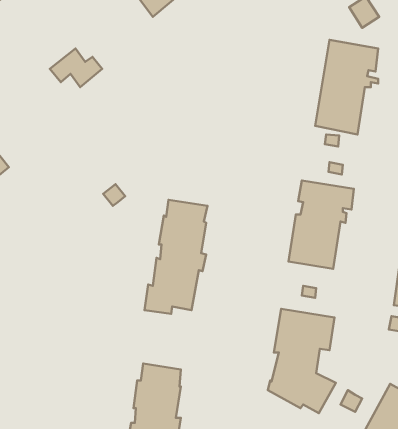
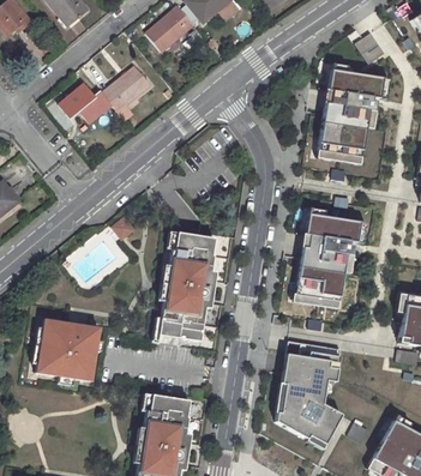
building: none -> [102,66,151,118]
building: none -> [36,318,100,380]

